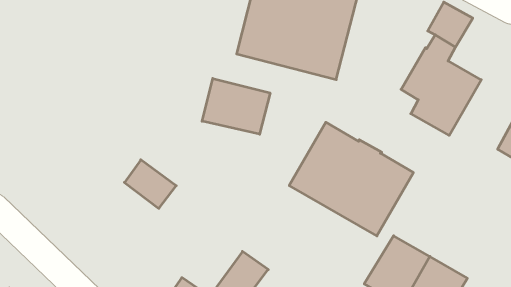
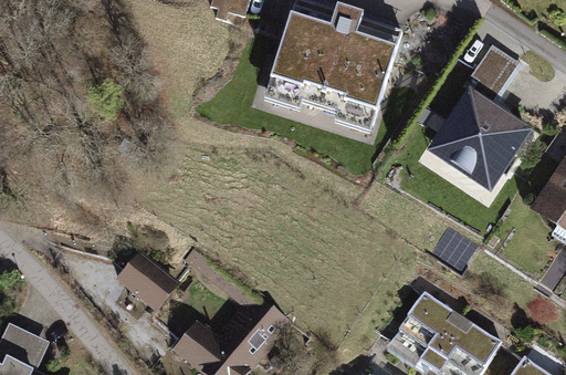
building: [202,78,270,134] -> none
building: [289,122,413,236] -> none
building: [124,160,176,208] -> [118,256,174,309]

